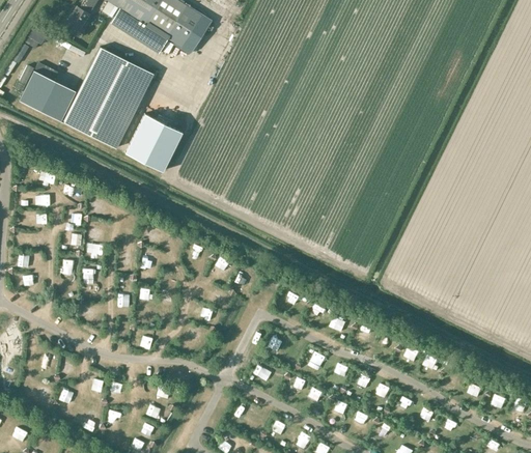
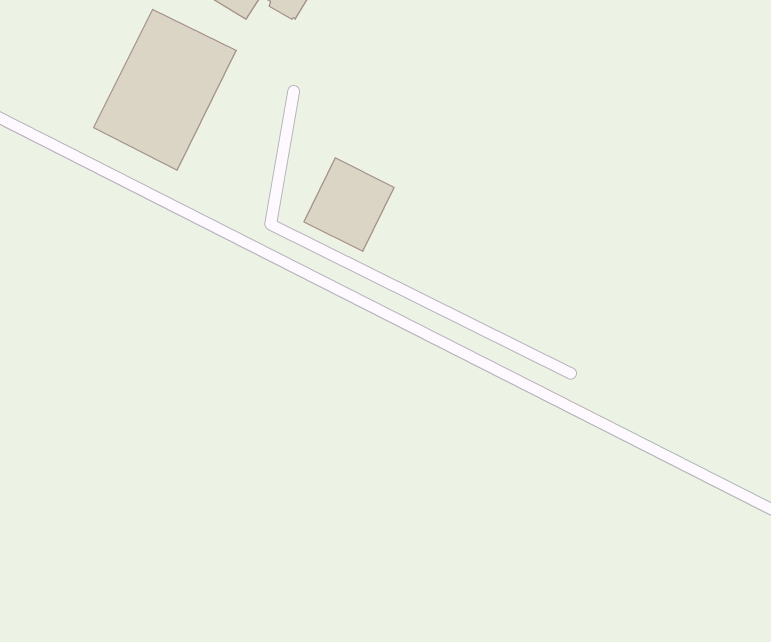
building: [20,72,75,121] -> none
building: [125,113,183,172] -> [304,158,394,251]

